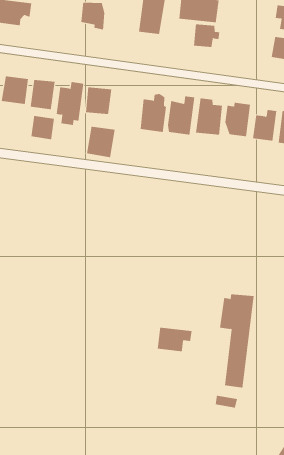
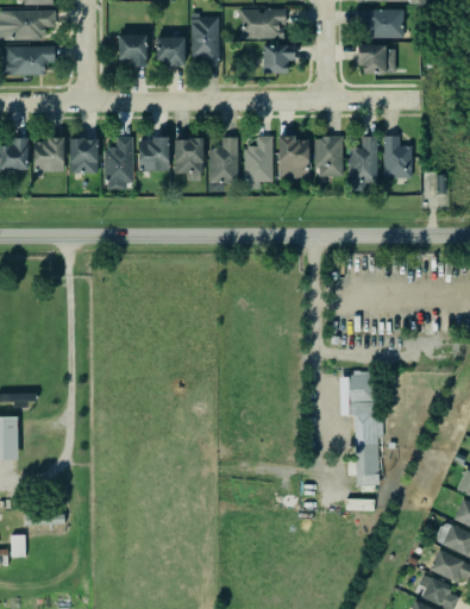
building: none -> [155,38,187,67]
building: [31,115,54,140] -> none
building: [86,126,115,158] -> [171,142,203,177]
building: [157,327,192,352] -> none

